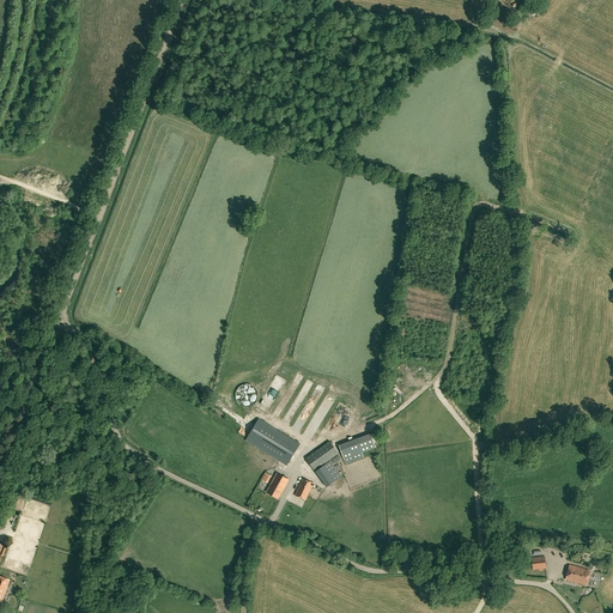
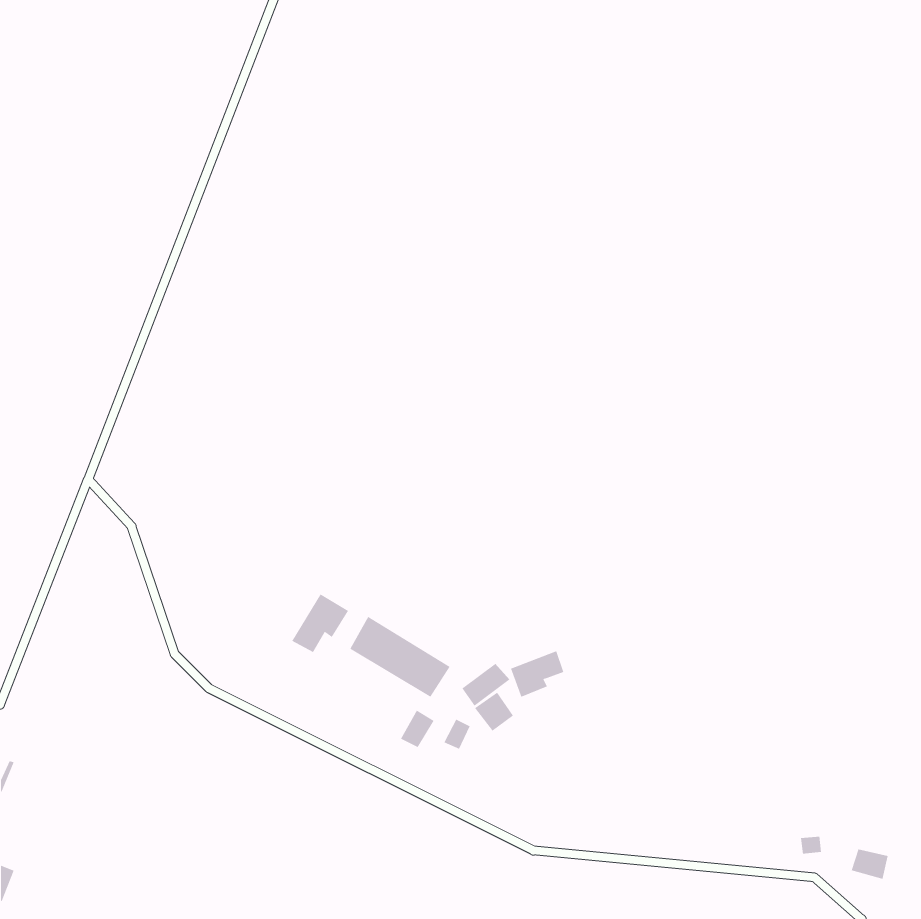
building: none -> [292,594,349,653]

